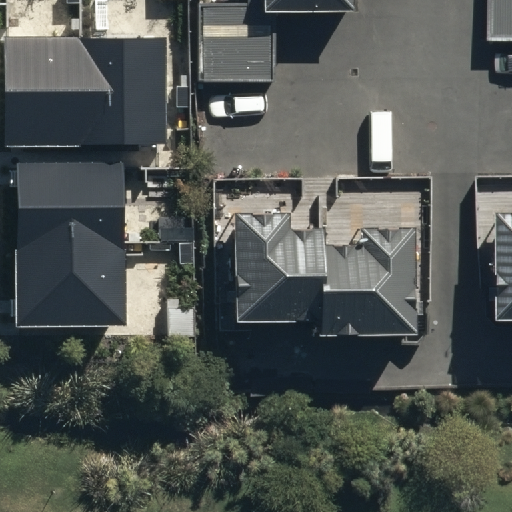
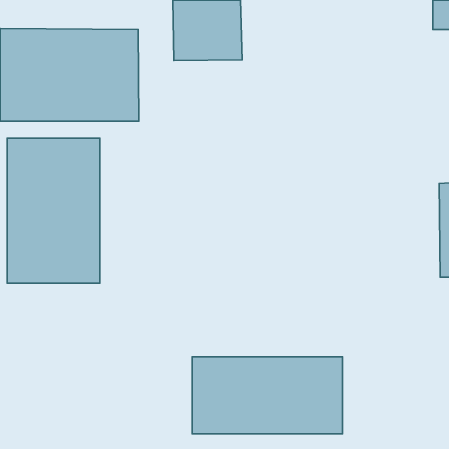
building: [230,212,425,334] -> none
building: none -> [192,357,343,434]

